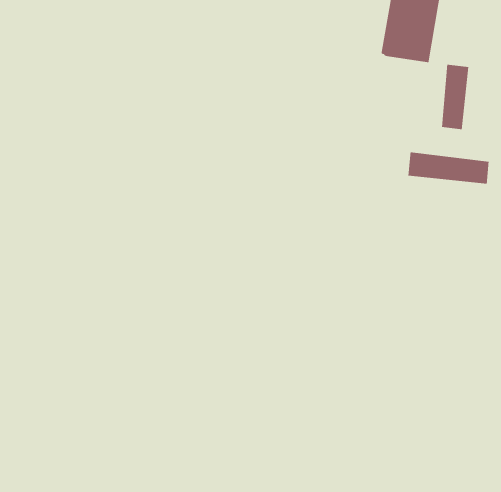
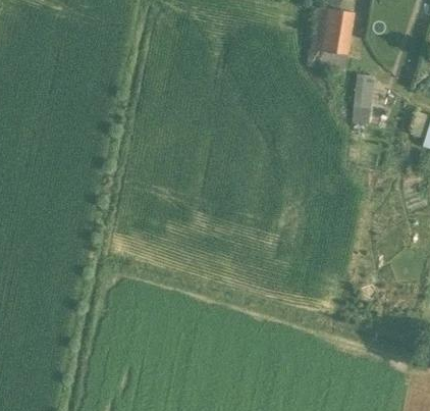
building: [408,151,489,185] -> none

